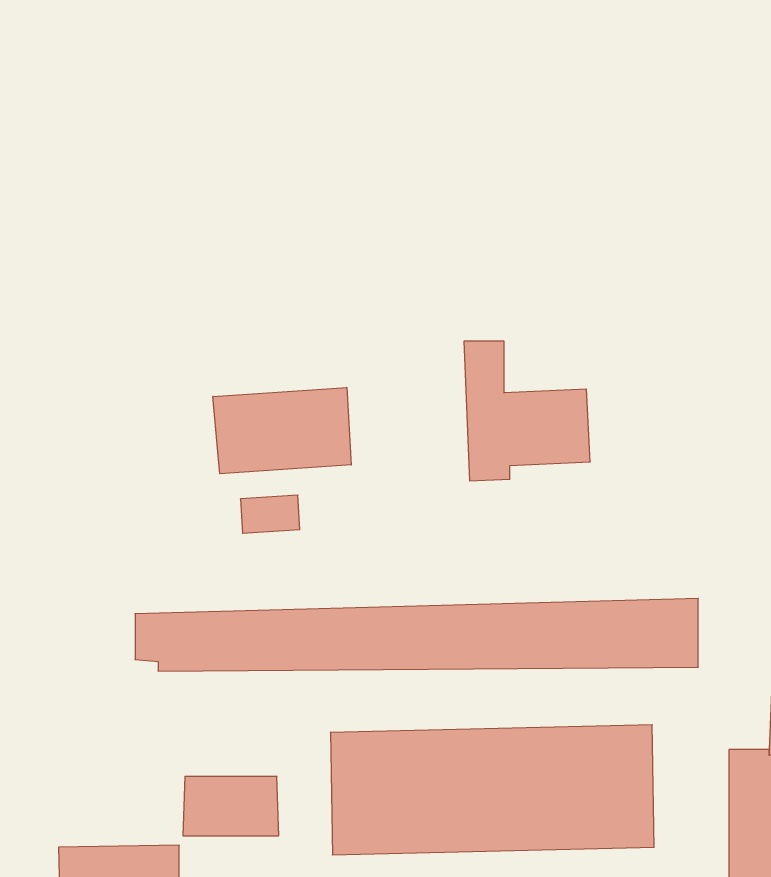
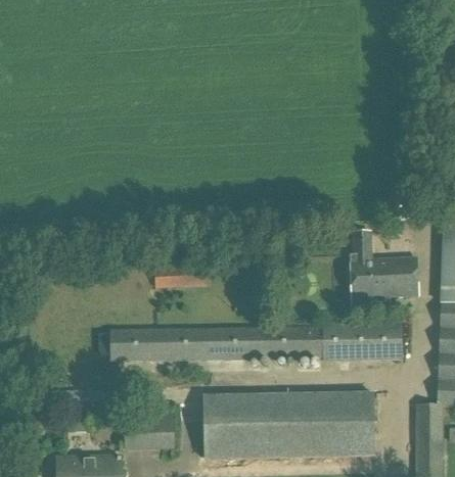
building: [464,341,590,481] -> [350,230,417,304]
building: [213,387,351,474] -> none

